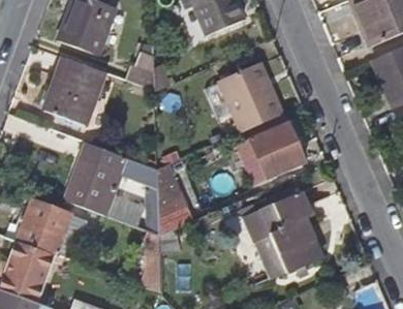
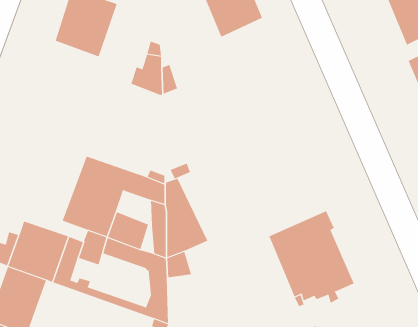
building: [44,57,105,123] -> none
building: [216,62,283,132] -> none
building: [251,123,306,177] -> none

